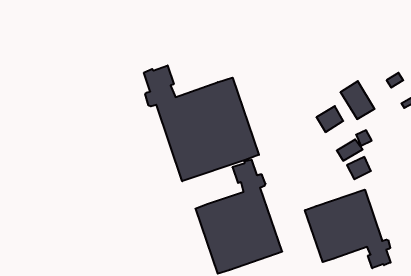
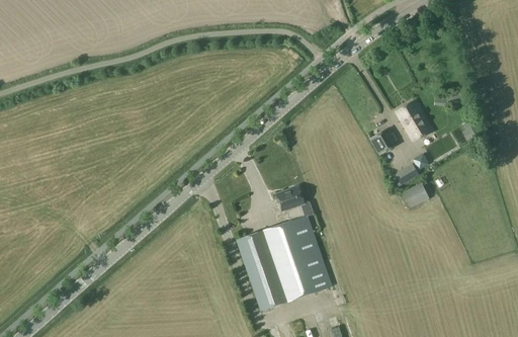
building: [144,65,259,181] -> none
building: [305,190,391,268] -> none

